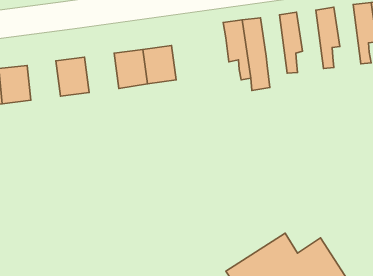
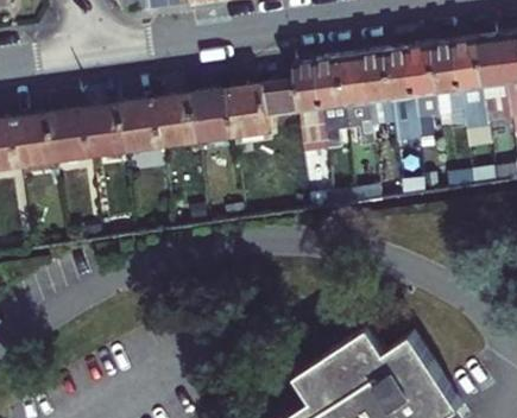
building: none -> [429,42,462,116]
building: none -> [383,49,416,125]
building: none -> [338,55,371,129]
building: none -> [227,83,301,135]
building: none -> [119,102,162,151]
building: none -> [48,112,89,160]

